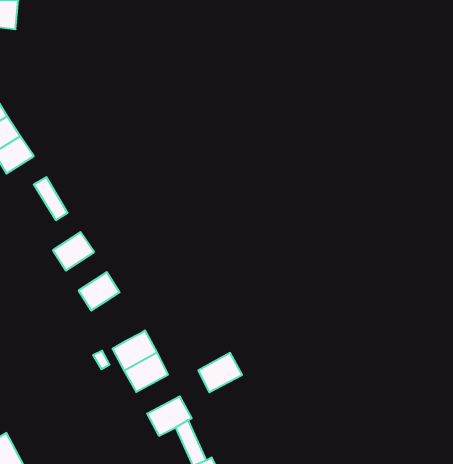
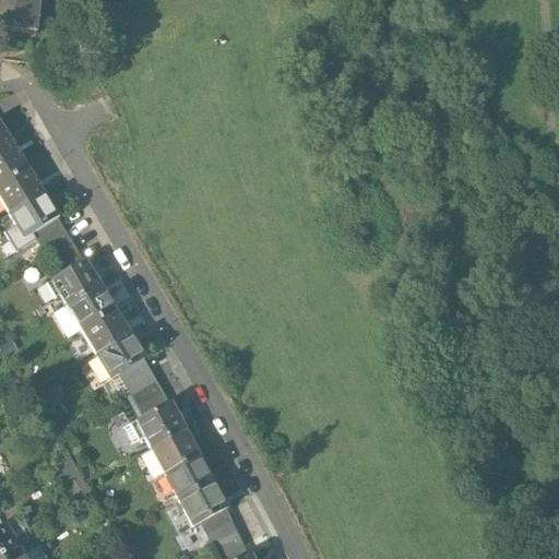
building: none -> [8,190,56,235]
building: none -> [48,258,96,302]
building: none -> [79,305,128,350]
building: none -> [126,353,168,411]
building: [198,353,242,392] -> [163,451,215,498]

